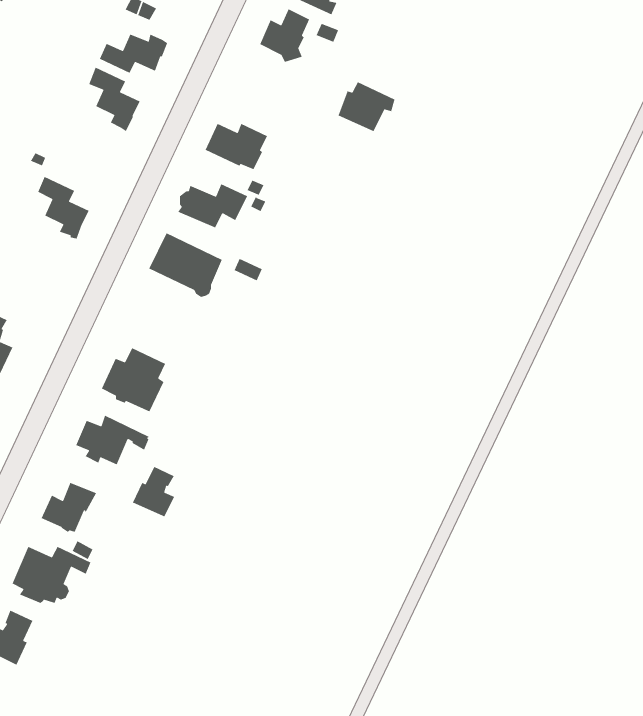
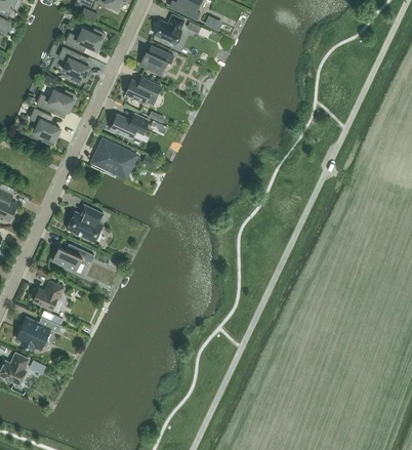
building: [337,81,396,132] -> [140,45,173,74]
building: none -> [37,89,76,113]
building: [132,466,175,518] -> none

